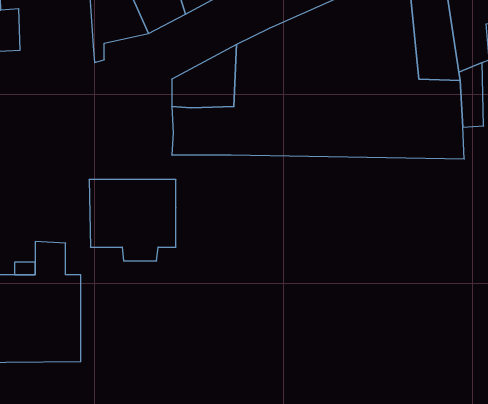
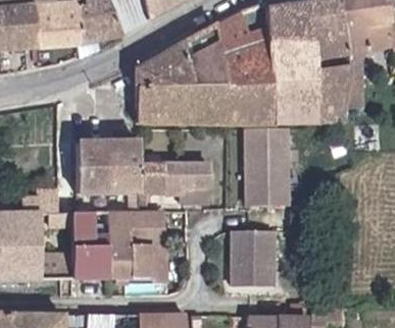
building: none -> [26,12,81,45]
building: none -> [248,128,291,206]
building: none -> [142,161,208,200]
building: none -> [71,210,161,277]
building: none -> [232,231,275,285]

